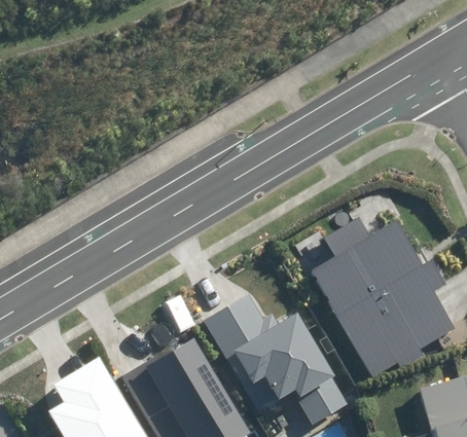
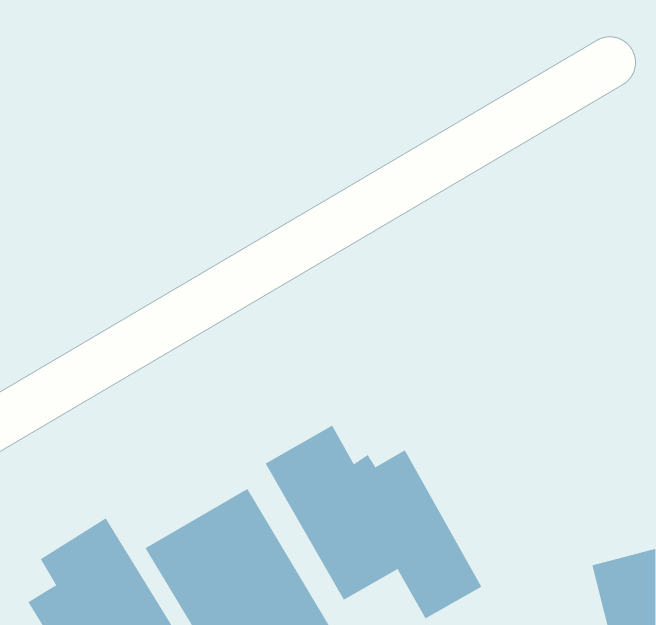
building: [310,218,457,377] -> none

